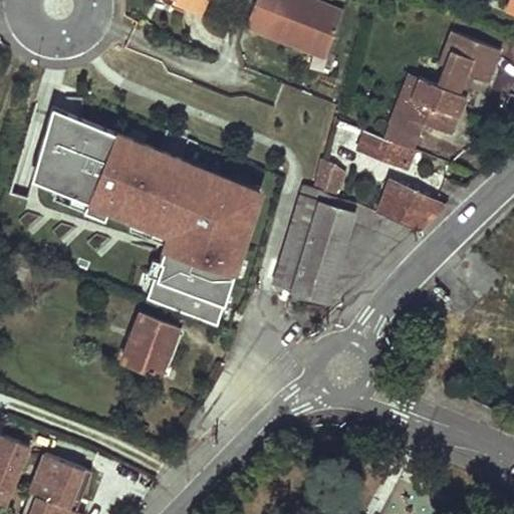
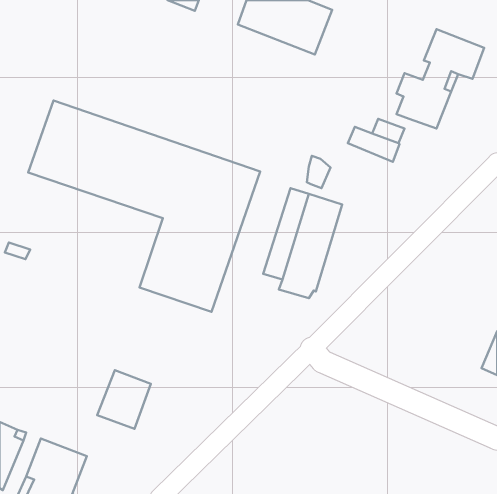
building: [390,76,422,137] -> none
building: [375,183,444,233] -> none
building: [120,316,176,376] -> [97,370,151,429]

